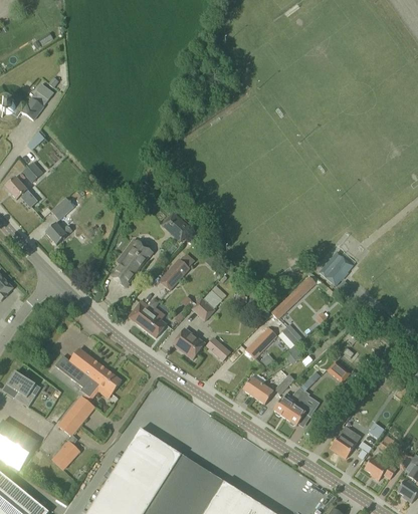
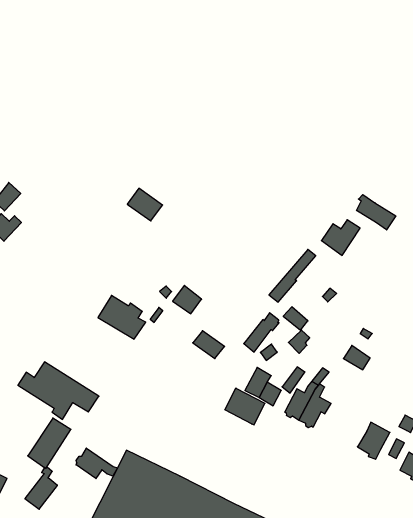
building: none -> [357,195,396,230]
building: [111,239,153,287] -> none
building: [159,258,190,290] -> none
building: [173,328,205,359] -> none
building: none -> [225,388,265,425]
building: none -> [76,448,117,479]

